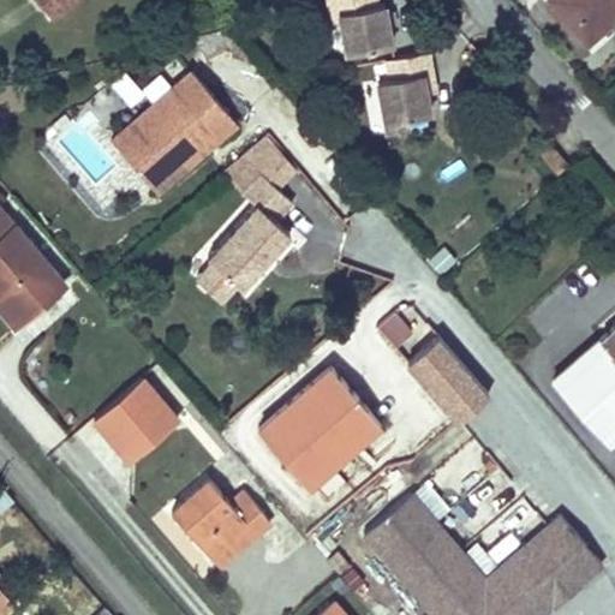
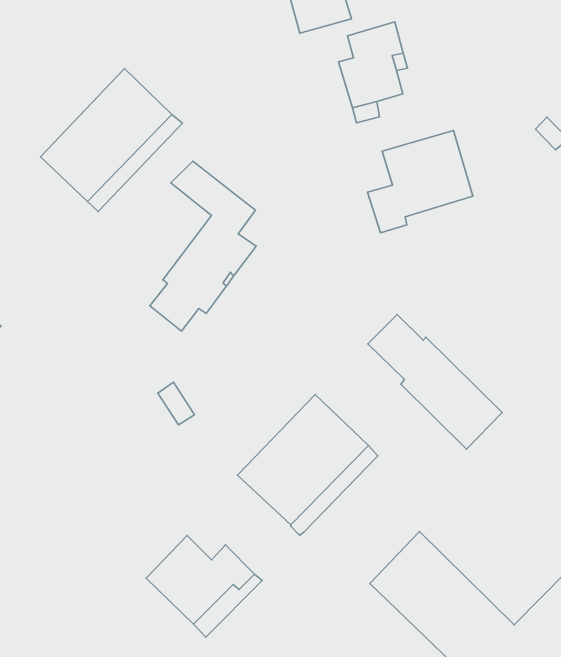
building: [243,137,294,190] -> none
building: none -> [367,131,473,233]
building: [90,377,183,468] -> none

